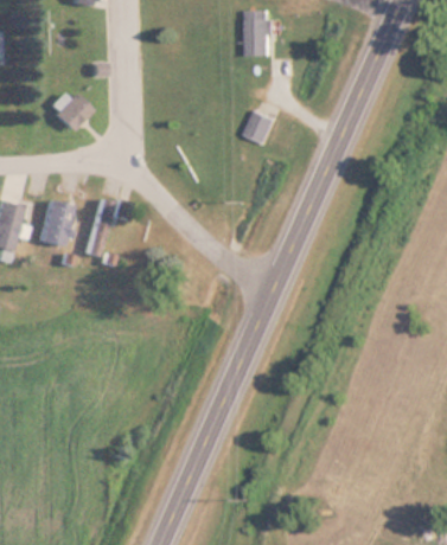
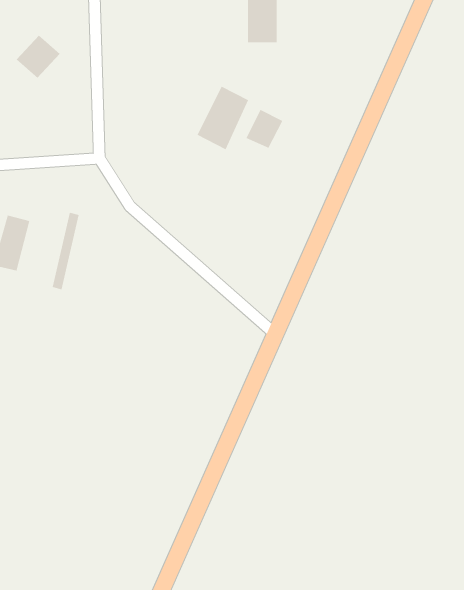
building: none -> [197,86,249,150]
building: [53,94,90,129] -> [16,35,61,78]

